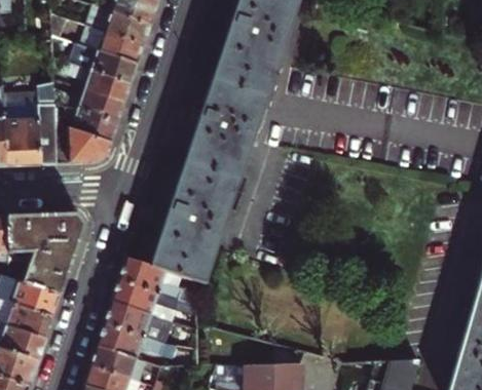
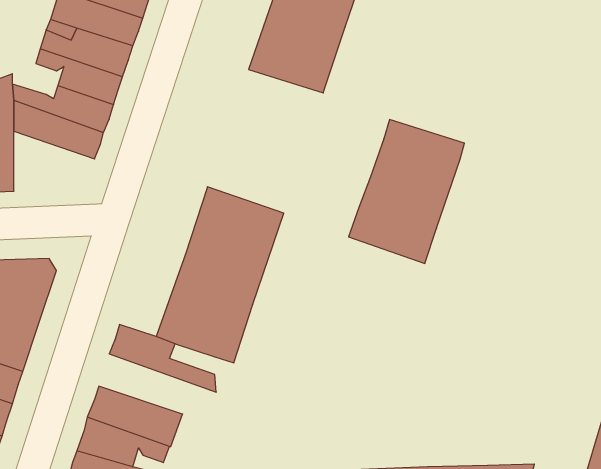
building: [188,80,269,181] -> [349,120,464,263]
building: [52,123,109,165] -> none
building: [112,279,194,321] -> none

